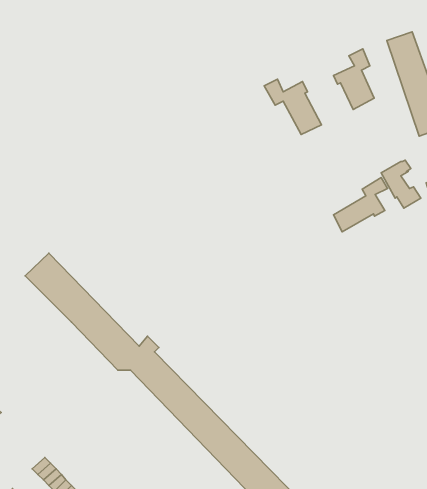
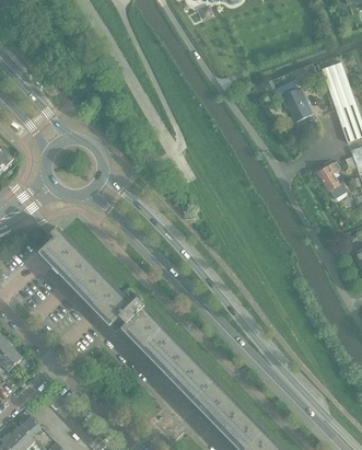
building: [264,79,322,134] -> none
building: [333,177,387,232] -> none

